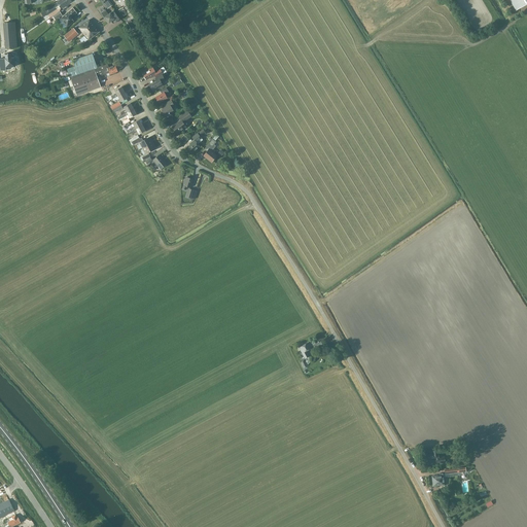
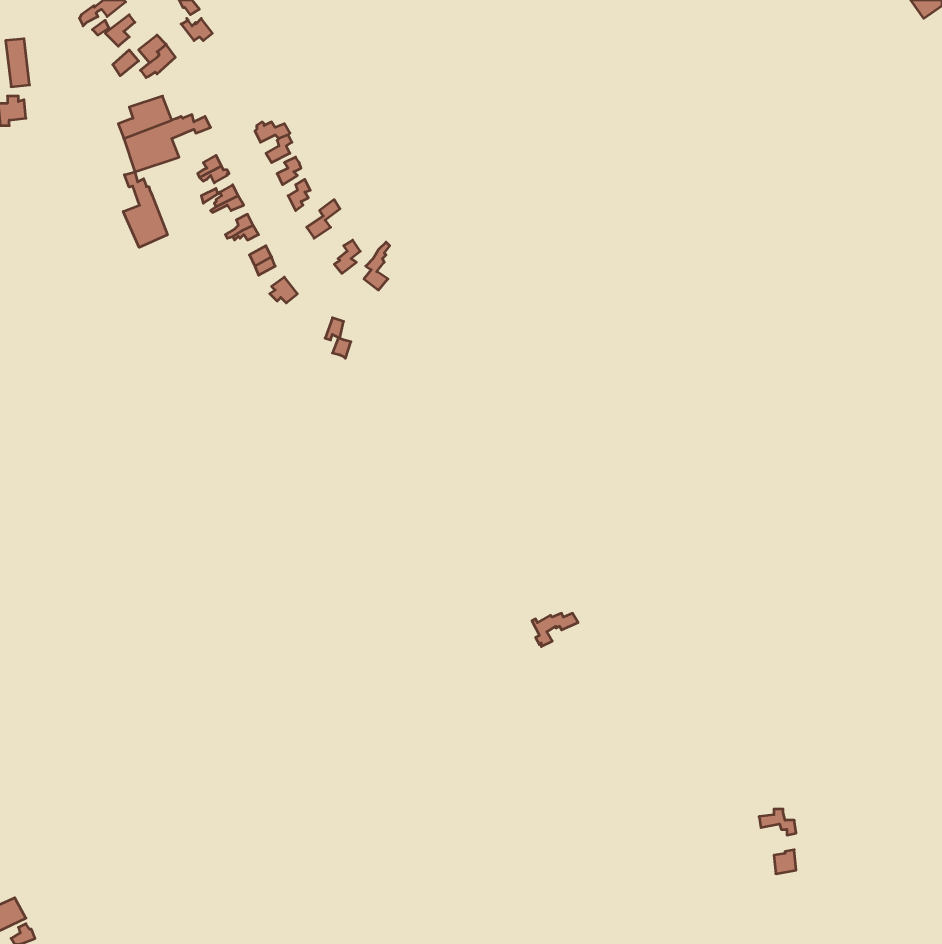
building: none -> [123,172,167,247]

